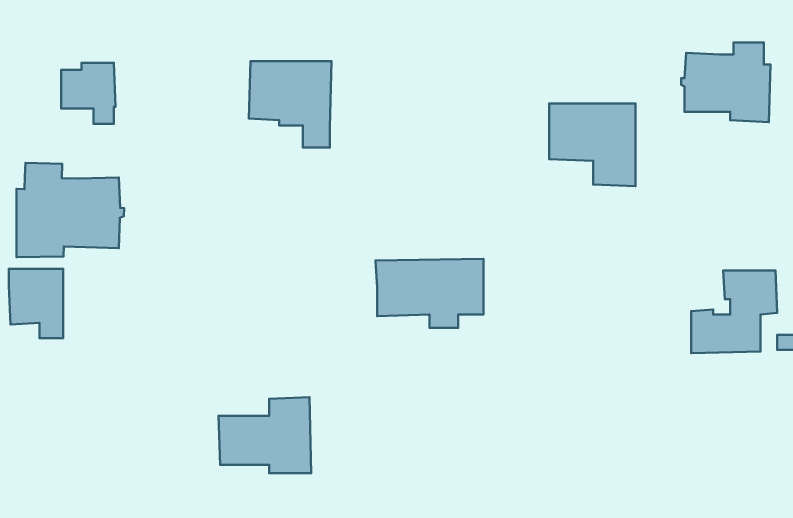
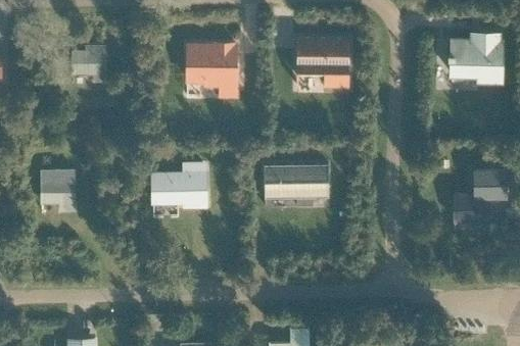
building: [549,103,635,186] -> [296,38,348,88]
building: [16,163,124,257] -> none
building: [218,397,311,473] -> [151,162,207,208]

